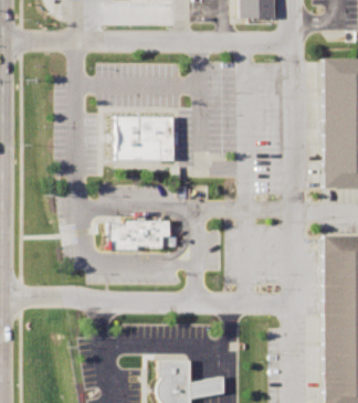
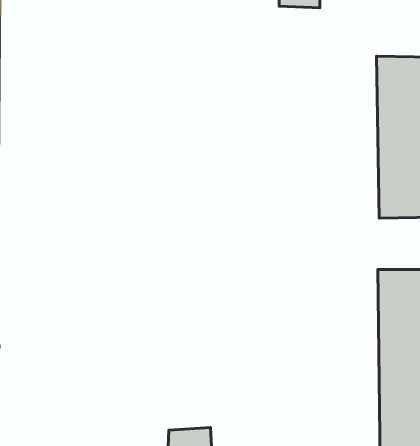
building: [109,117,168,159] -> none
building: [106,223,167,248] -> none

